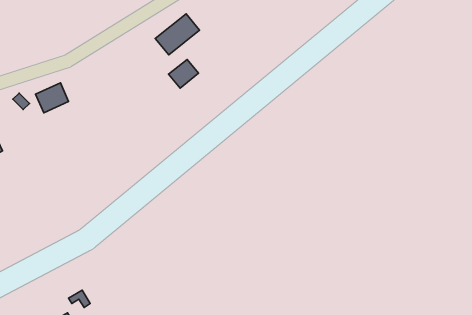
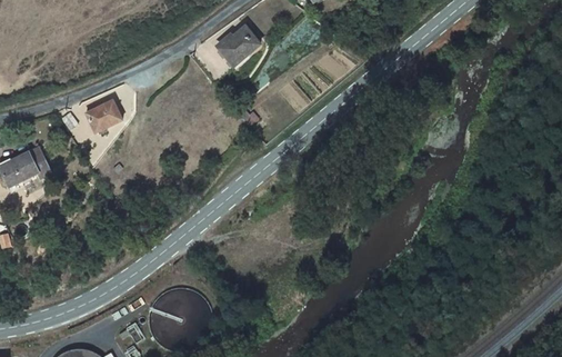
building: [169,59,198,88] -> none

